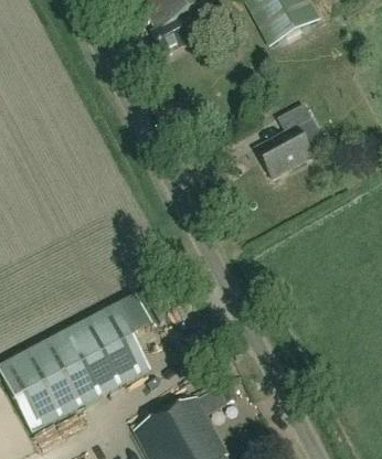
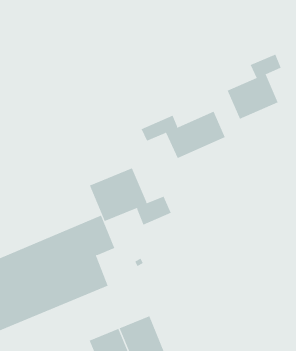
building: none -> [141,111,226,159]
building: none -> [89,167,171,225]

